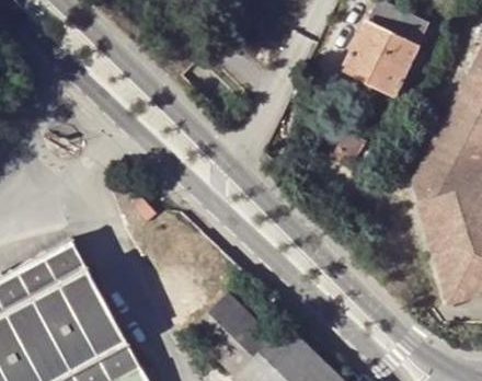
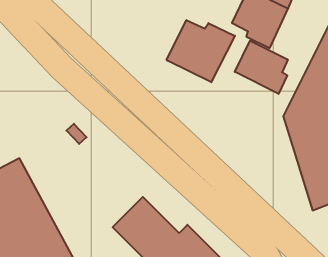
building: none -> [167,20,235,82]
building: none -> [235,41,288,94]

